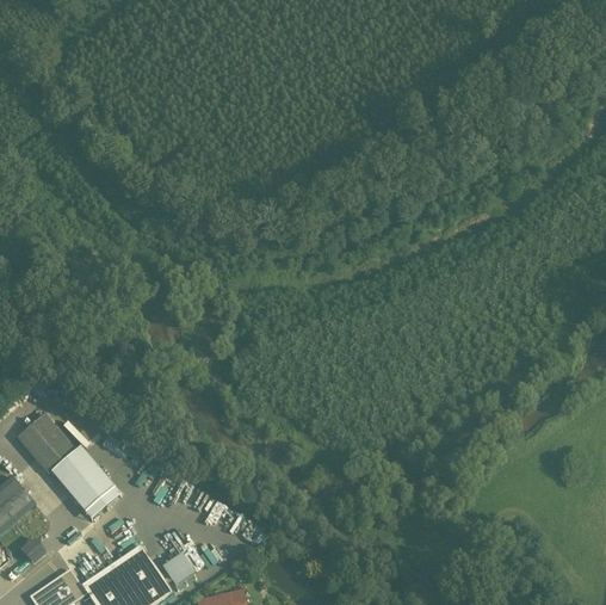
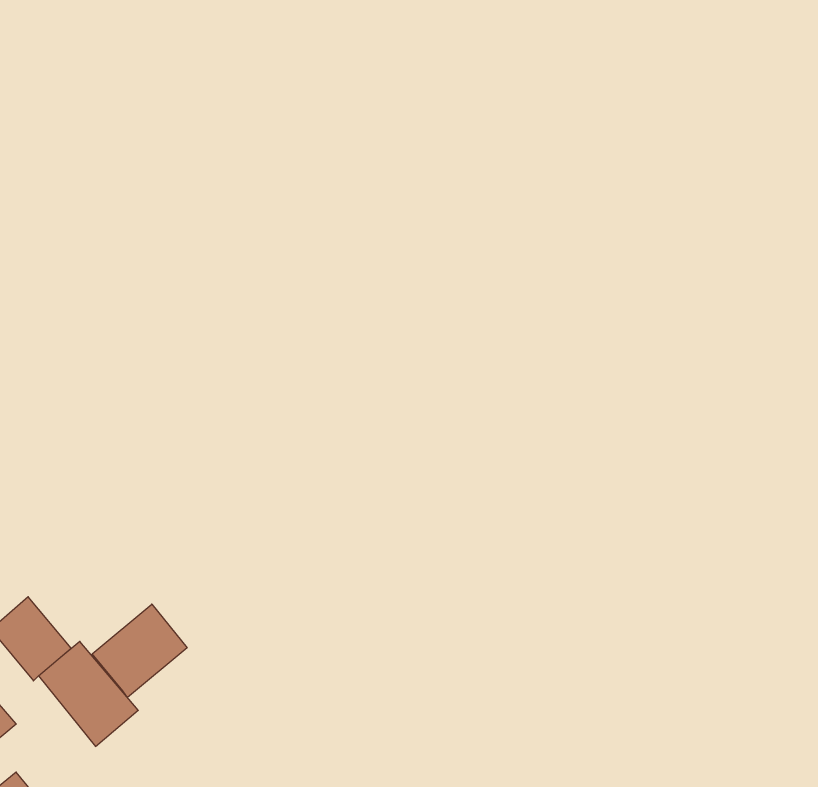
building: none -> [92,604,187,698]

